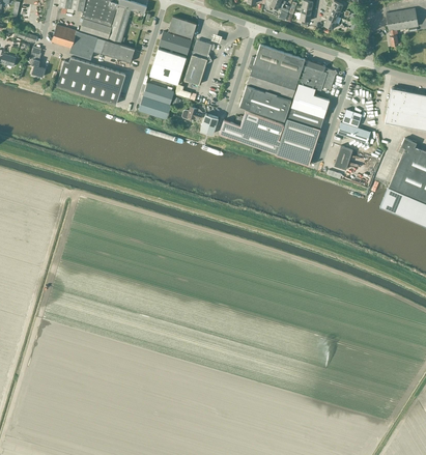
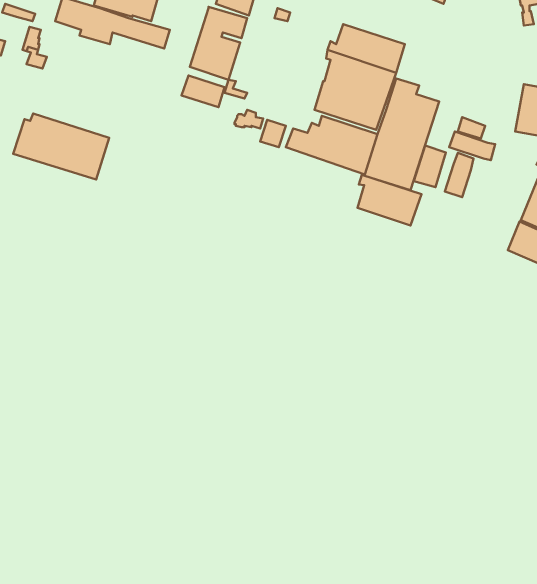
building: [183,39,214,86] -> none
building: [56,57,125,105] -> [13,114,109,179]
building: [300,60,336,91] -> none
building: [139,96,171,119] -> none
building: none -> [414,145,446,187]
building: none -> [357,175,422,226]

